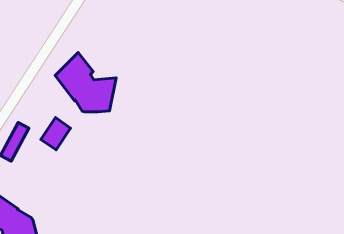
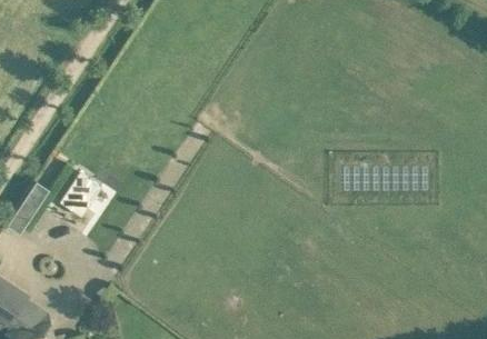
building: [55,52,116,112] -> none

